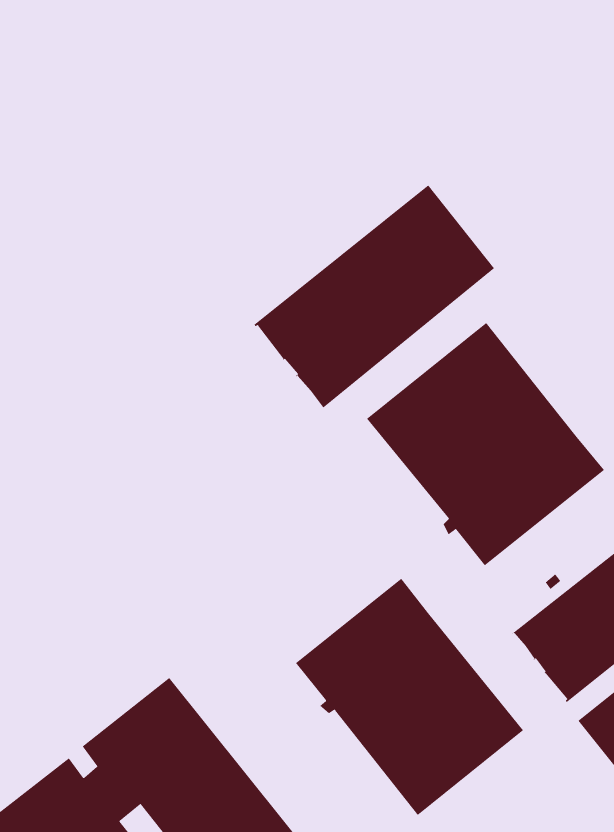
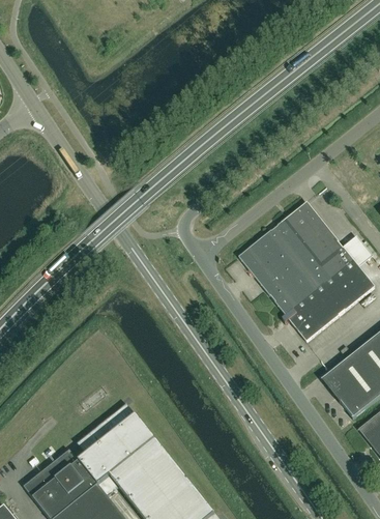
building: [254,184,495,409] -> none
building: [295,578,524,816] -> none

